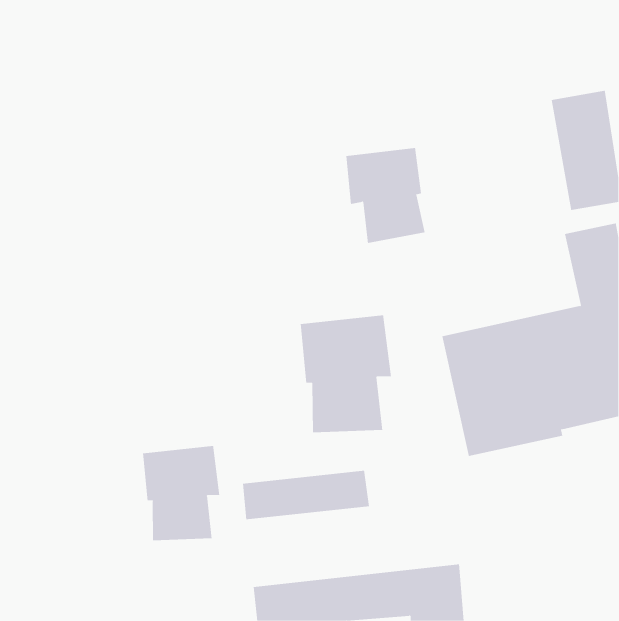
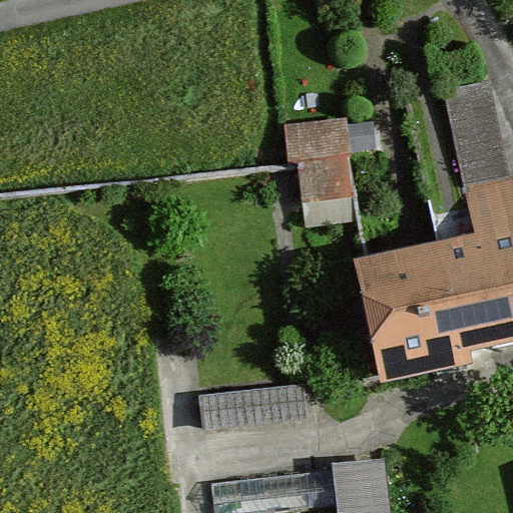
building: [300,314,392,433] -> none
building: [143,445,220,541] -> none

